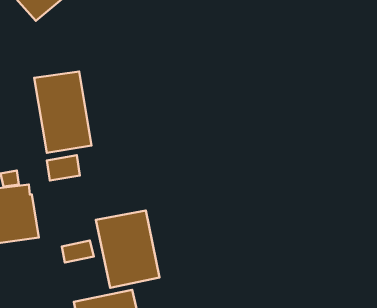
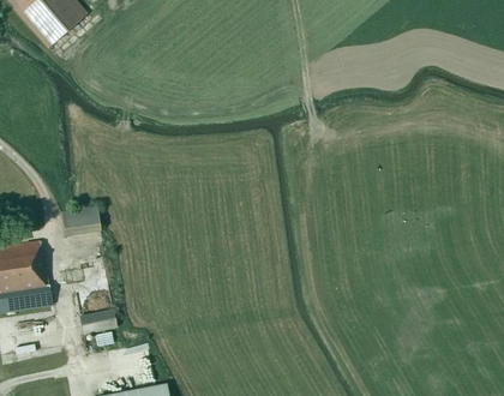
building: [34,71,91,153] -> none
building: [96,211,160,288] -> none

